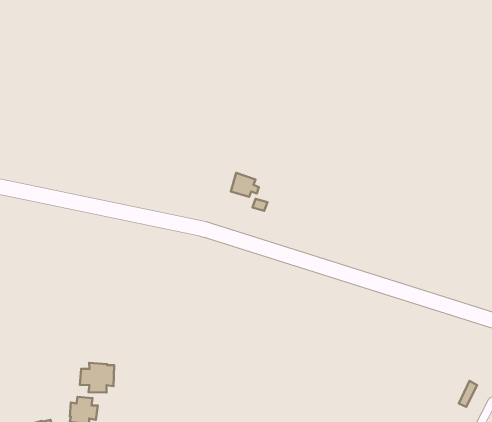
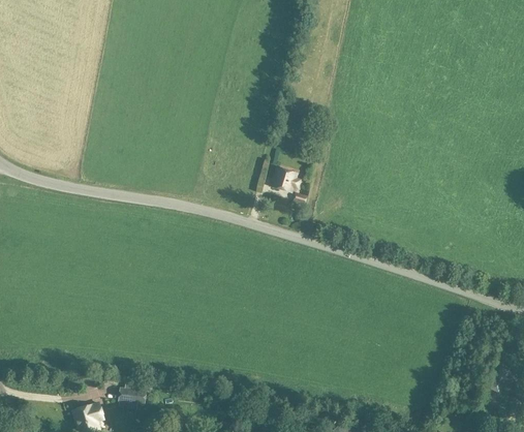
building: [80,363,114,392] -> none

